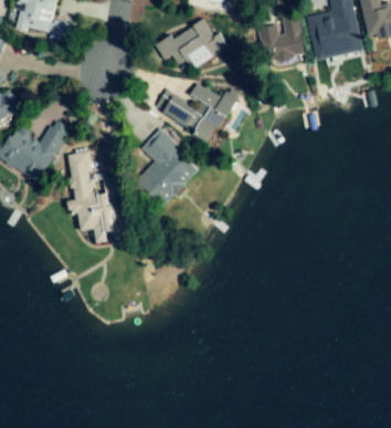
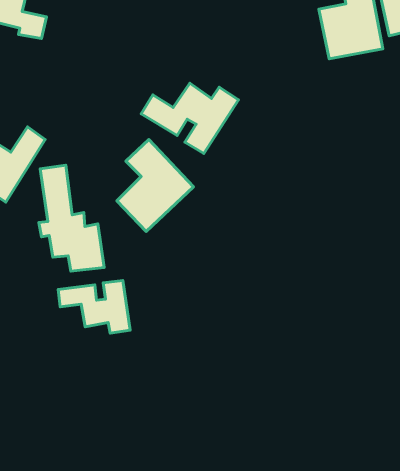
building: [156,15,226,66] -> none
building: [258,17,307,67] -> none
building: none -> [58,280,130,333]

